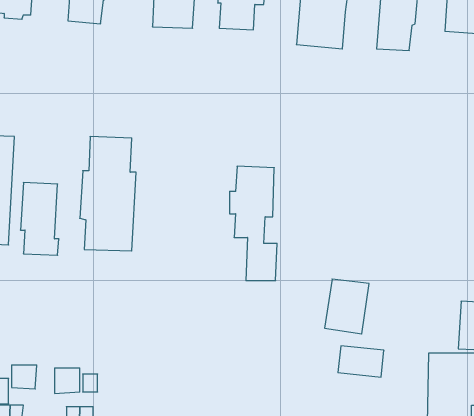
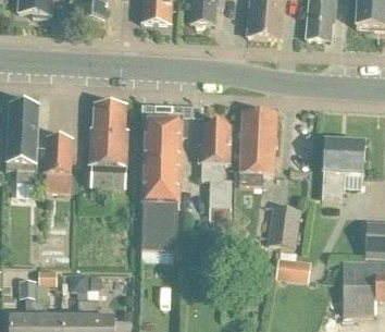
building: none -> [238,108,277,184]
building: none -> [141,110,186,250]
building: none -> [322,138,364,197]

